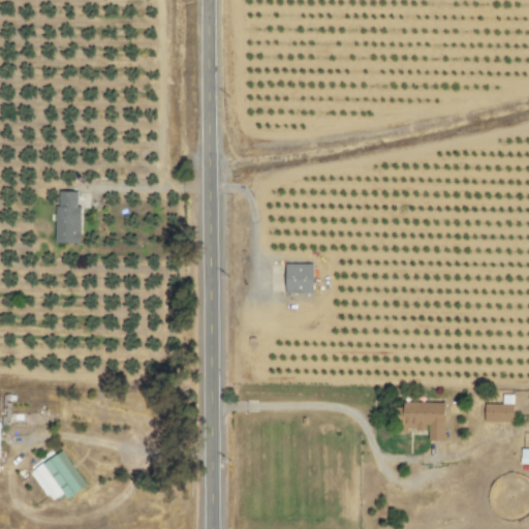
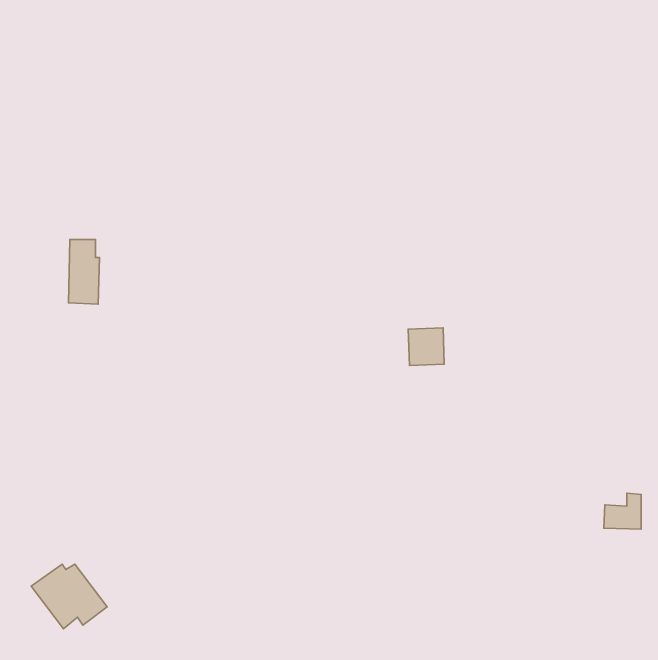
building: [286,262,315,292] -> [408,328,444,365]
building: [405,402,446,441] -> none

